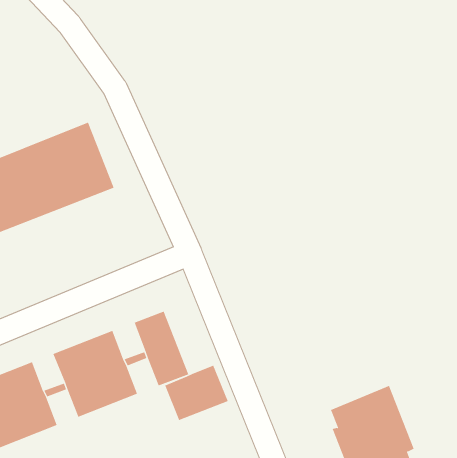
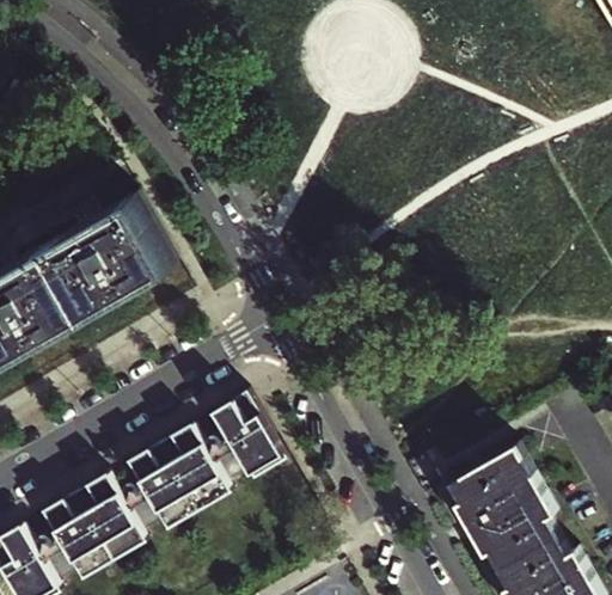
building: [165,365,228,421] -> none

